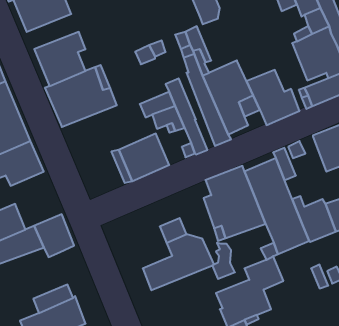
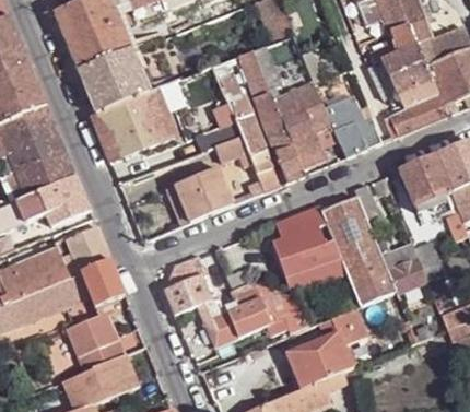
building: none -> [70,28,130,69]
building: none -> [67,225,110,272]
building: none -> [163,255,212,316]
building: none -> [66,303,117,356]

